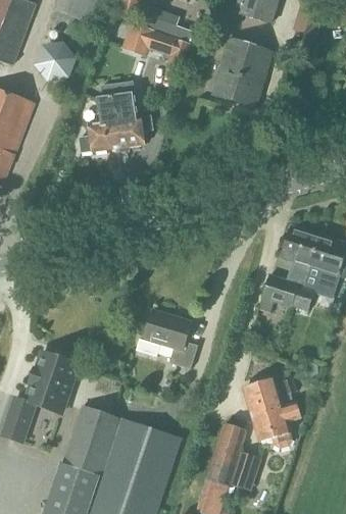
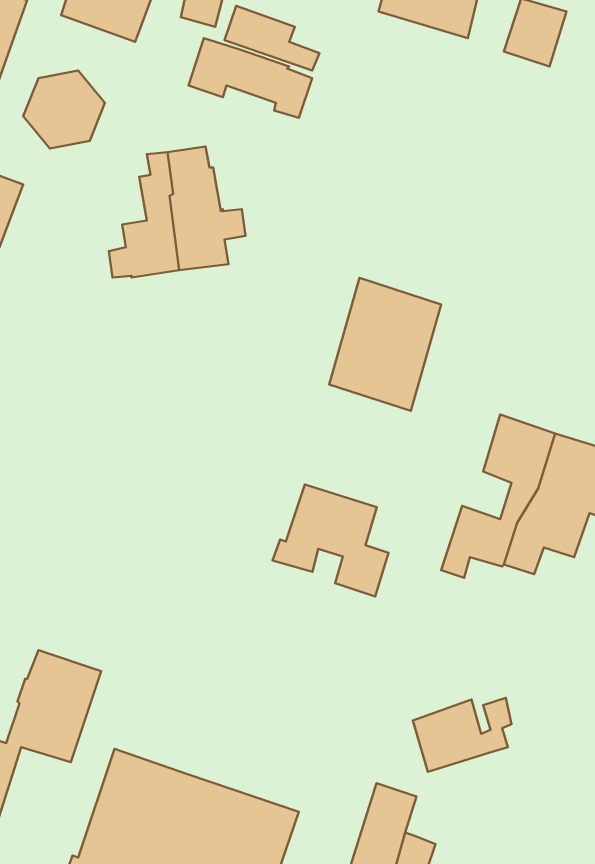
building: [212,37,273,108] -> [329,278,441,411]
building: [136,309,198,369] -> [272,484,388,597]
building: [251,404,297,449] -> none

